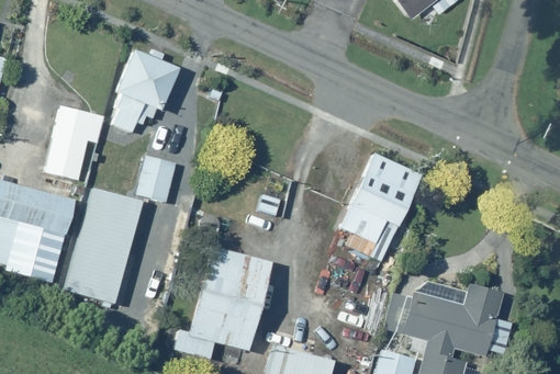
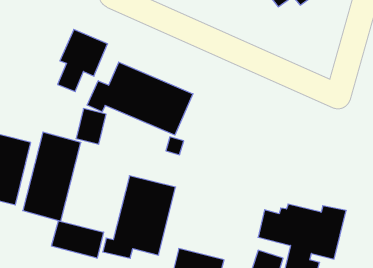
building: none -> [87,62,193,135]
building: [47,102,108,182] -> none
building: [339,150,424,260] -> none
building: none -> [52,221,104,258]

